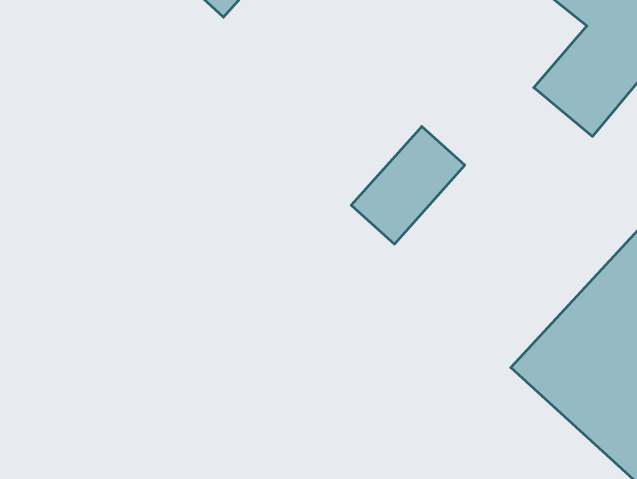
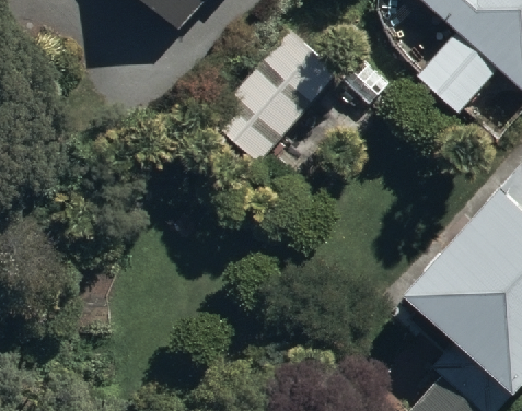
building: none -> [217,32,341,158]

